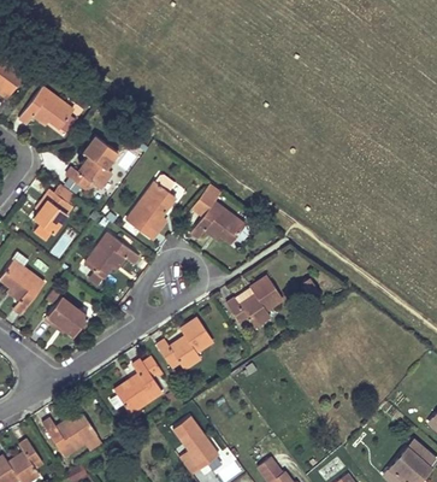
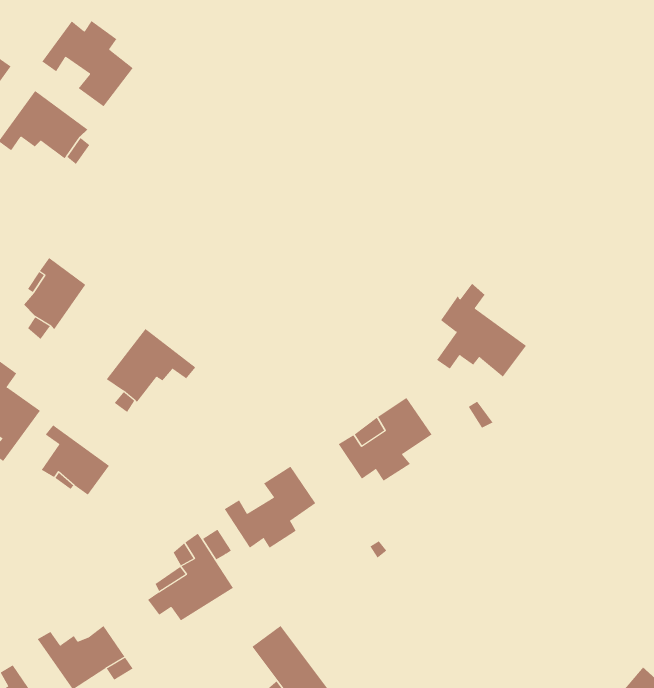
building: none -> [41,20,134,107]
building: [66,136,117,193] -> none
building: [126,182,176,239] -> none
building: [190,186,246,243] -> [436,283,527,377]

